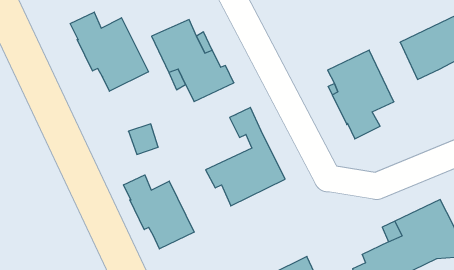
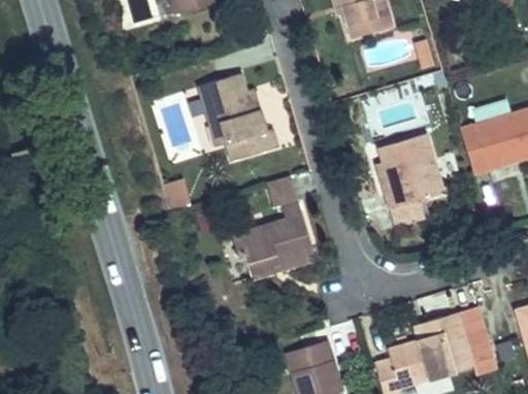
building: [70,12,148,91] -> none
building: [124,175,194,249] -> none

